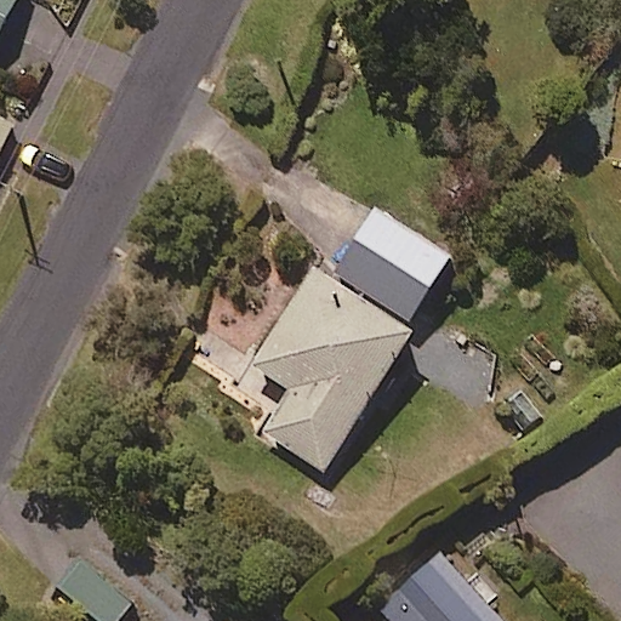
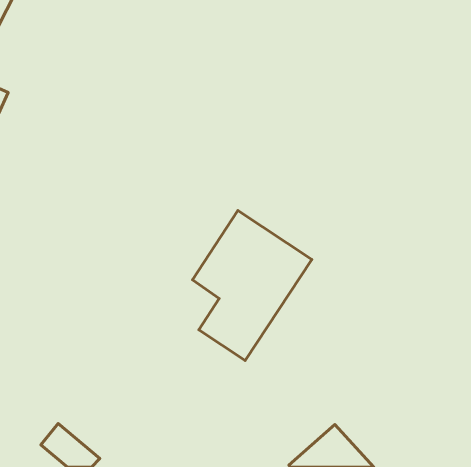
building: [331,209,449,323] -> none

